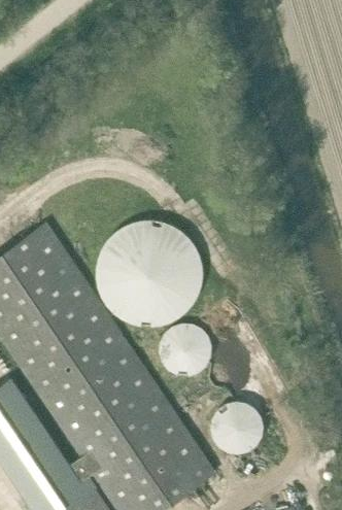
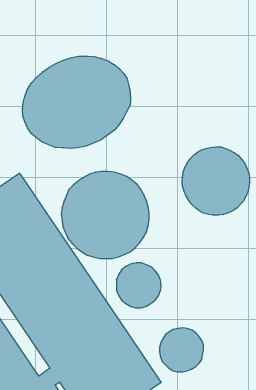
building: none -> [23,56,130,148]
building: none -> [182,147,249,215]

